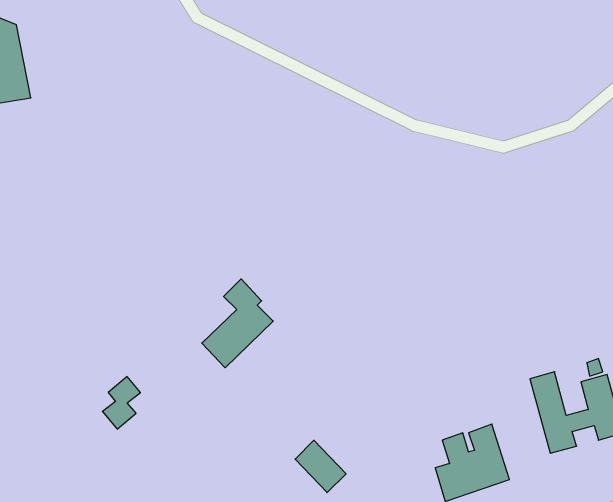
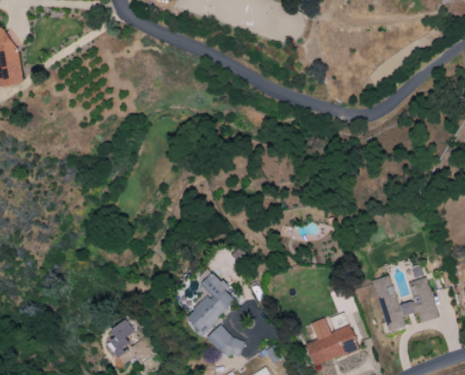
building: [202,279,273,368] -> [186,272,236,334]
building: [102,377,140,429] -> [108,320,135,357]

